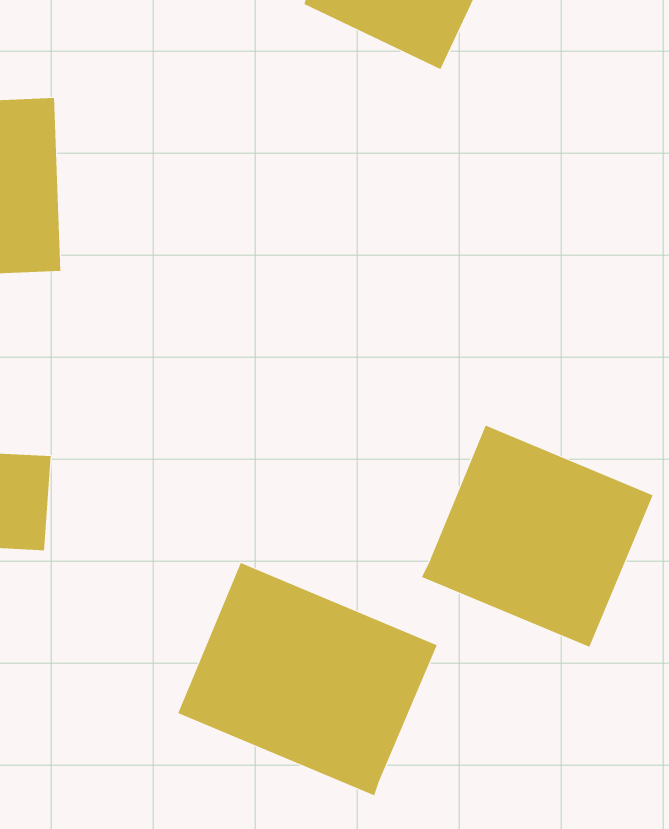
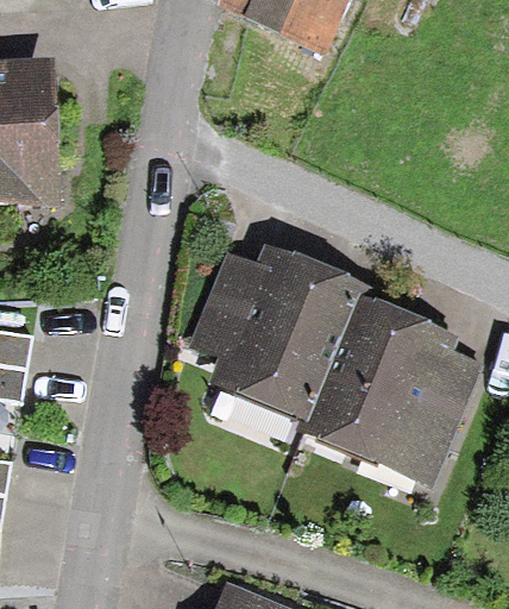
building: none -> [190,250,360,412]
building: [177,562,438,796] -> none

